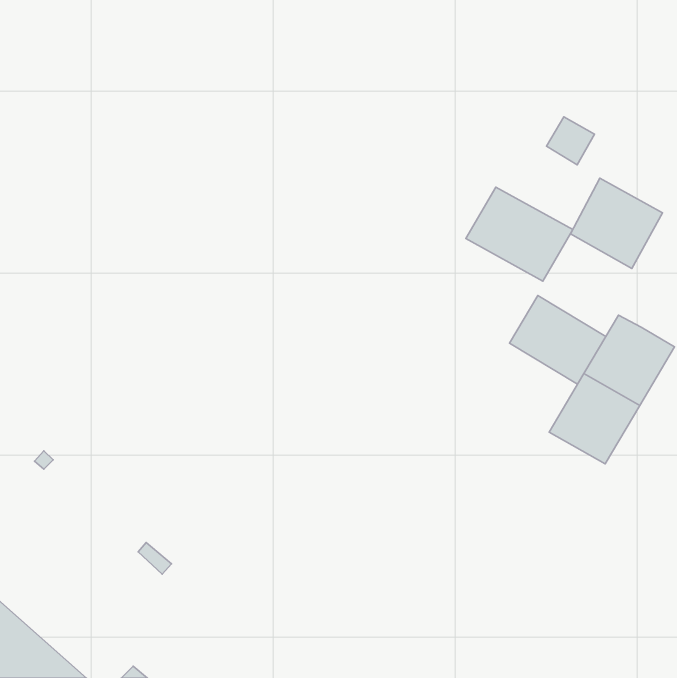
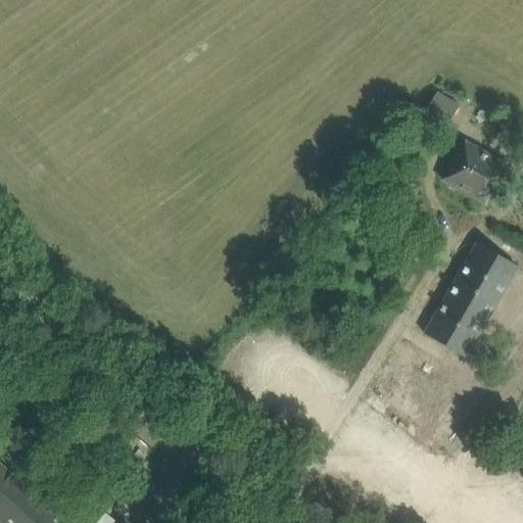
building: [466,187,573,281] -> none
building: [510,295,606,384] -> none

